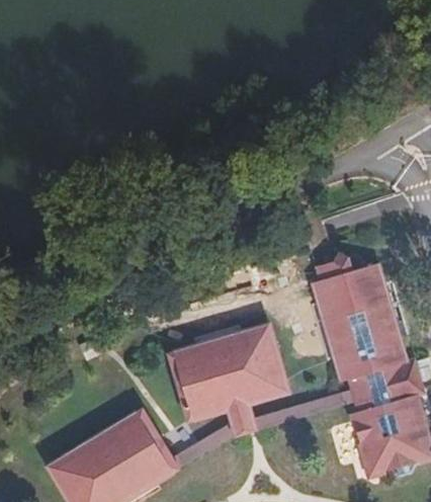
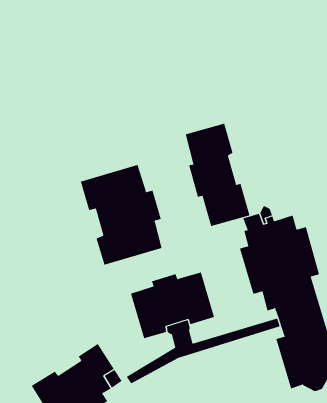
building: none -> [185,123,250,227]
building: none -> [80,164,162,266]

